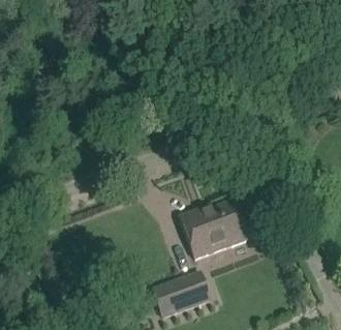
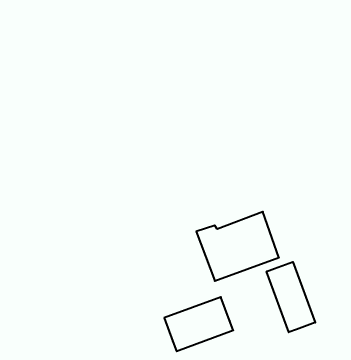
building: none -> [267,262,315,332]

